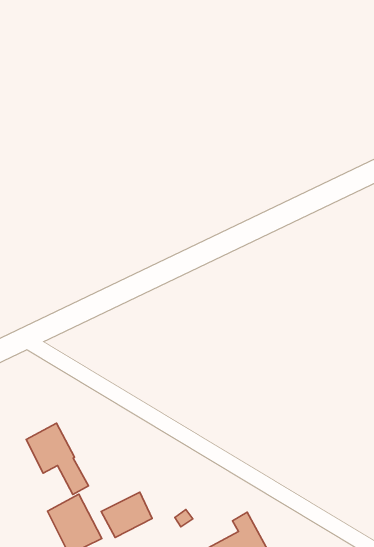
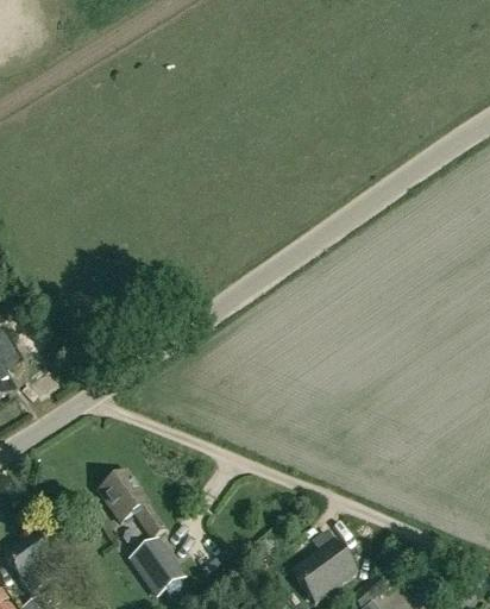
building: [101,492,152,538] -> none

